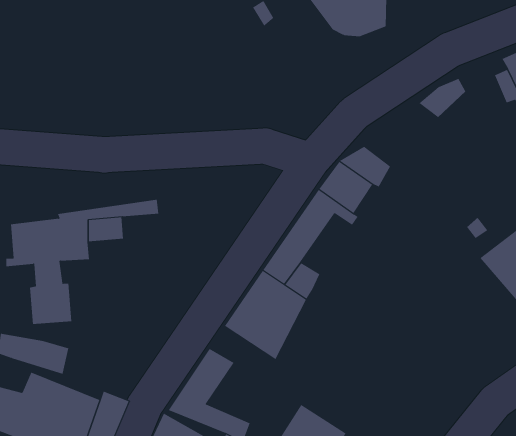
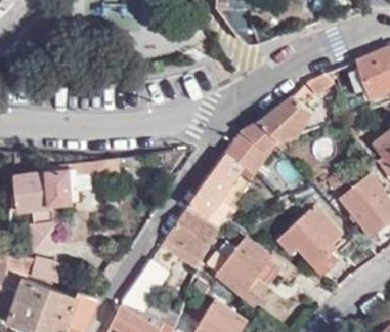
building: none -> [259,97,311,141]
building: none -> [277,201,340,273]
building: none -> [215,240,299,303]

